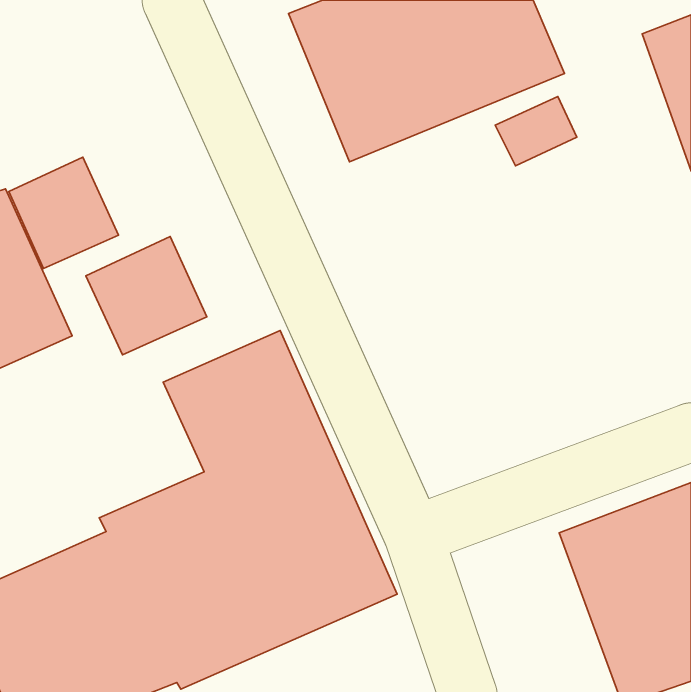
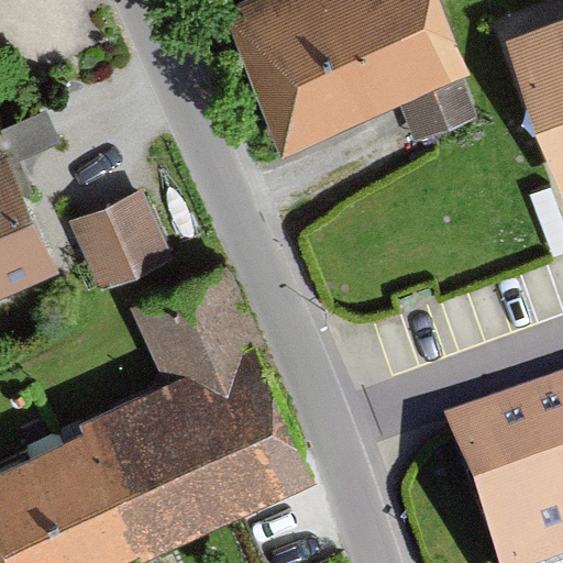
building: [9,157,119,269] -> none

